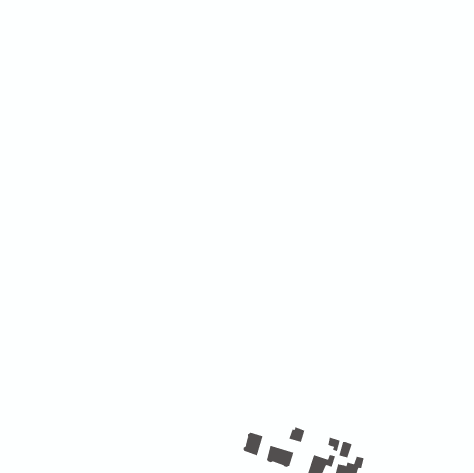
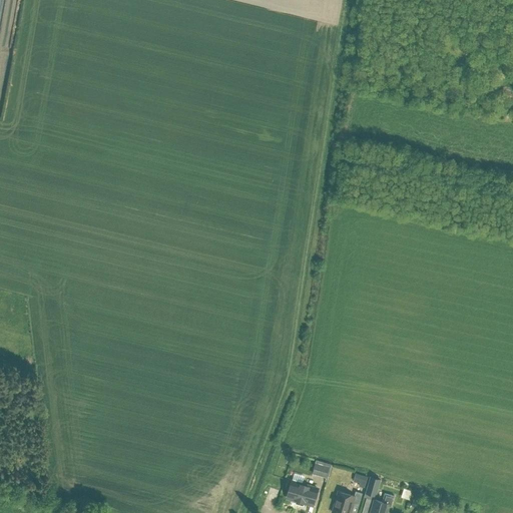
building: [243,432,263,456] -> none

